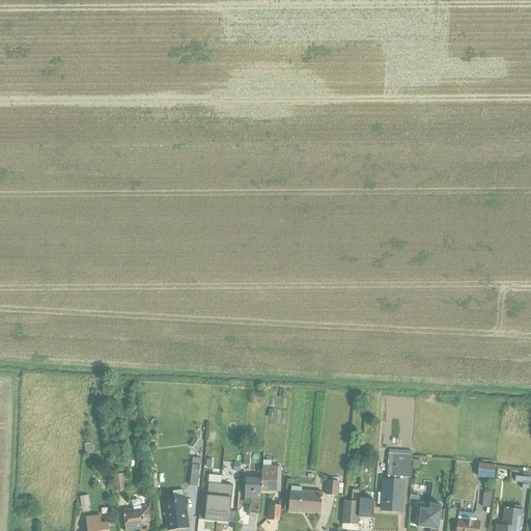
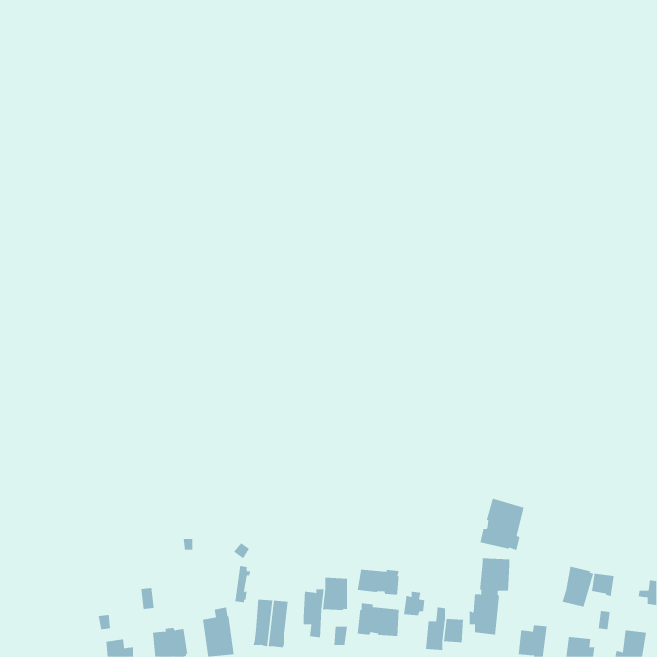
building: none -> [480,498,524,551]
building: none -> [562,566,594,608]
building: none -> [357,569,399,596]

